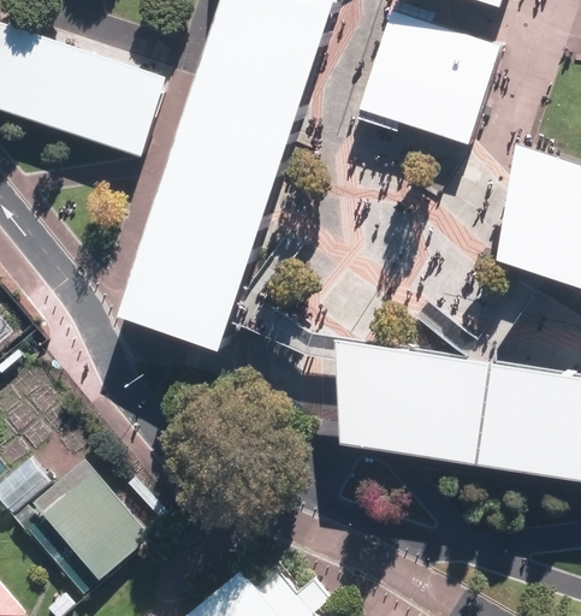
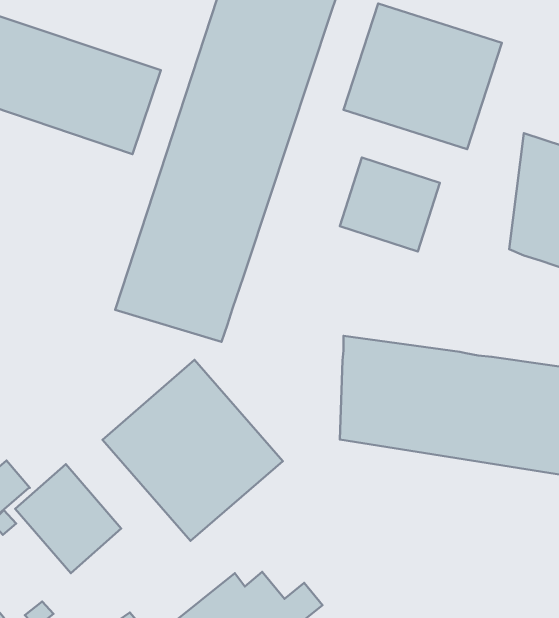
building: none -> [340,157,440,252]
building: none -> [102,360,283,541]

